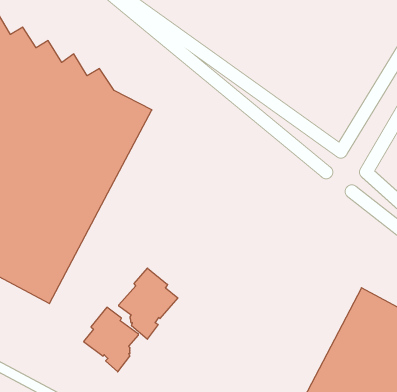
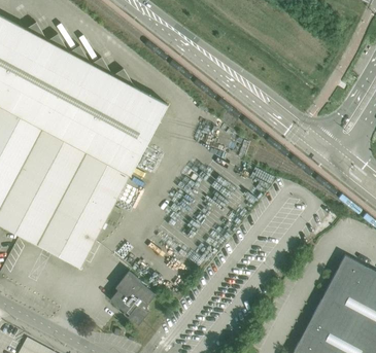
building: [119,268,178,339] -> none

